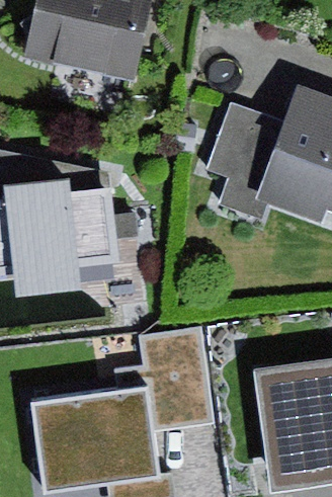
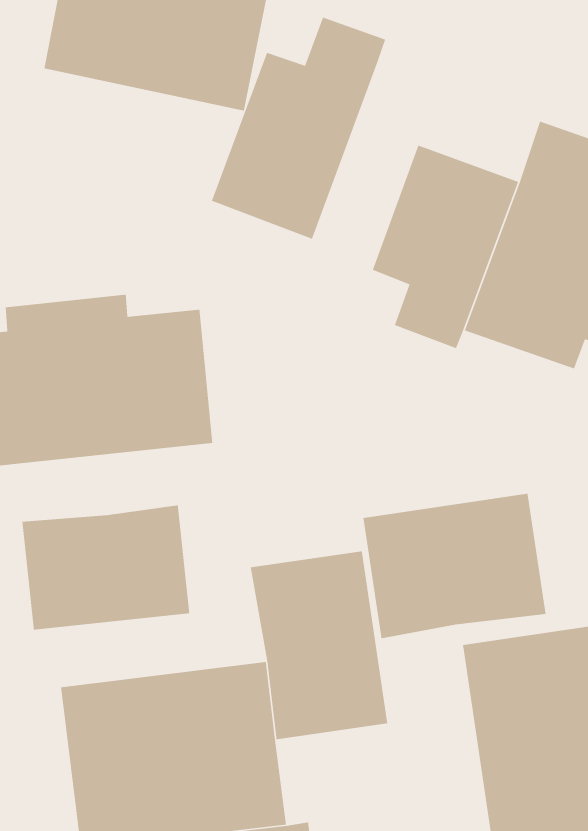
building: none -> [211,17,386,240]
building: none -> [363,493,546,639]
building: none -> [21,504,190,631]

